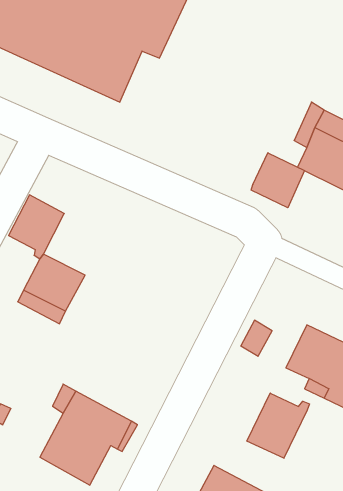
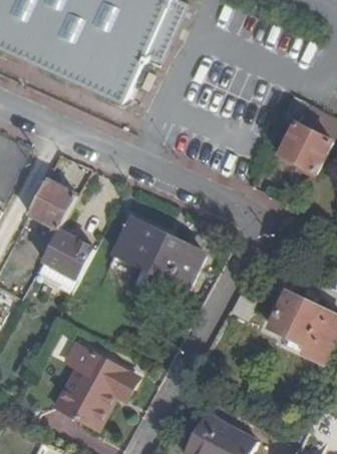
building: [251,153,304,208] -> none
building: none -> [113,219,205,295]
building: [247,393,309,458] -> none

